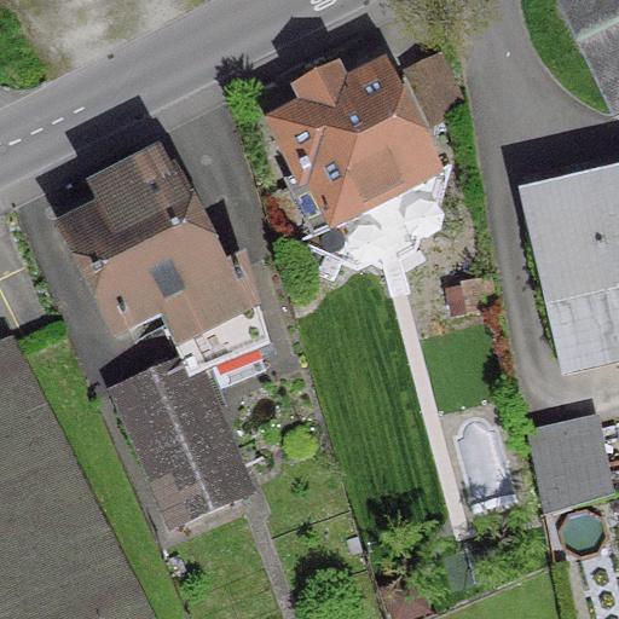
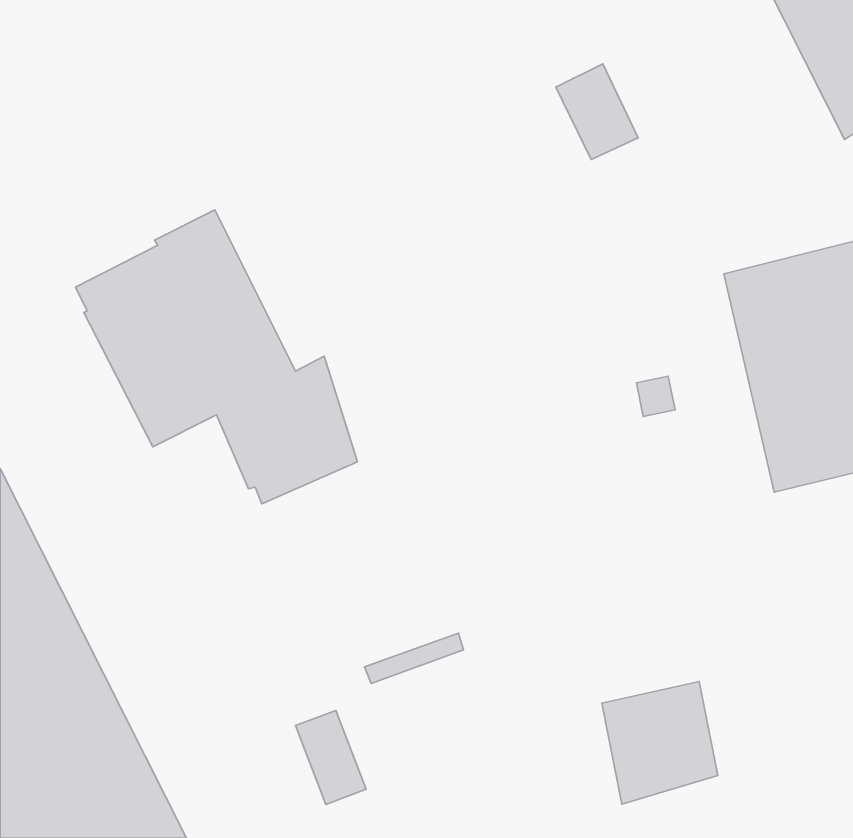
building: [274,66,428,222] -> none
building: [114,351,244,515] -> none
building: [527,417,611,505] -> [602,681,718,804]

